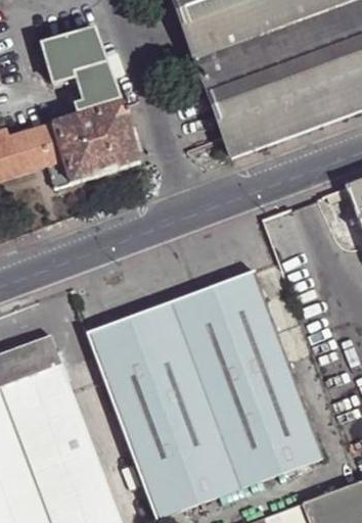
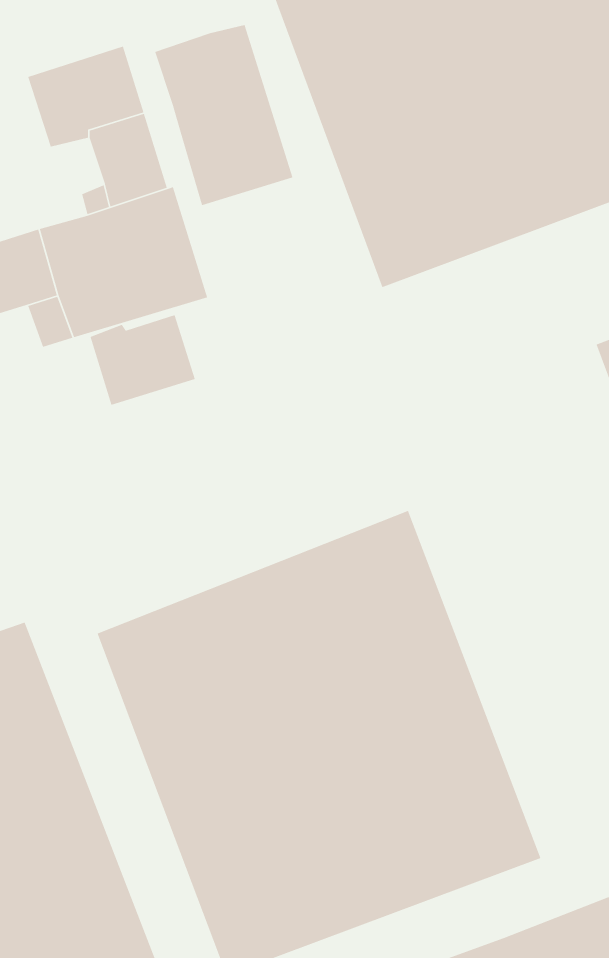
building: none -> [154,24,294,206]
building: none -> [90,314,196,406]

